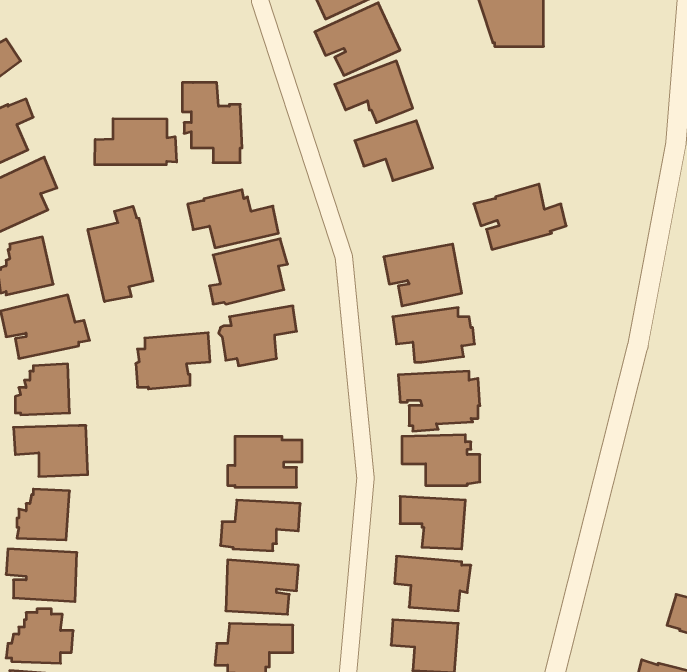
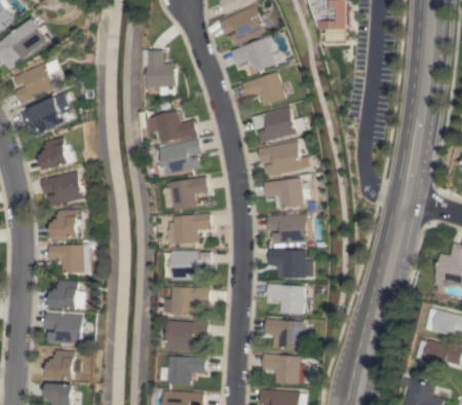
building: [95,119,177,165] -> none
building: [474,184,566,249] -> [251,105,303,142]
building: [88,206,153,302] -> none
building: [136,333,210,389] -> [168,212,210,244]

